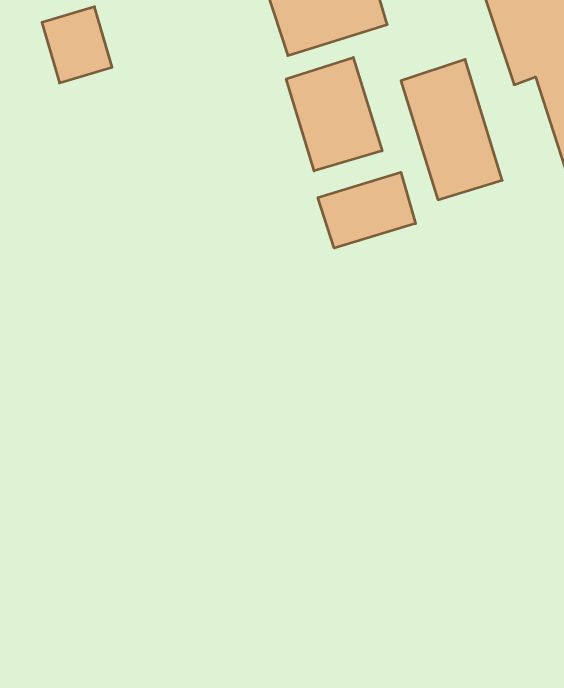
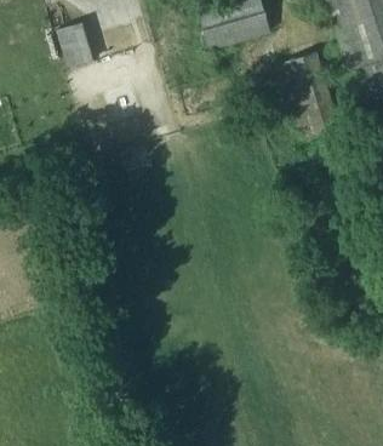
building: [286,57,382,171] -> none
building: [318,172,416,248] -> none

